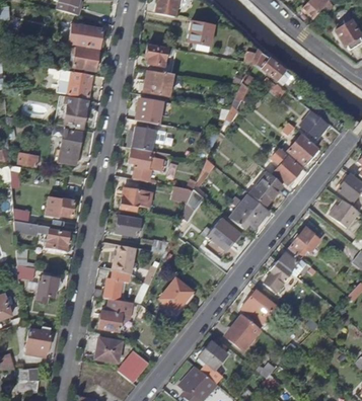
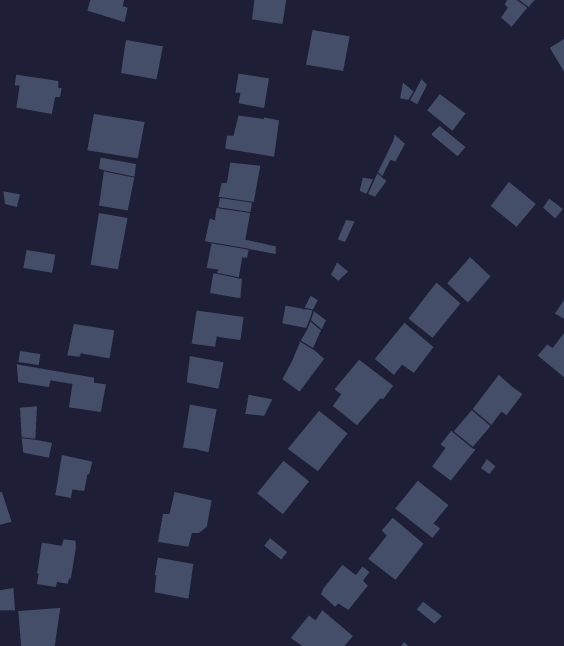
building: [72,47,101,71] -> [14,74,63,114]
building: [287,135,319,164] -> none
building: none -> [287,410,349,472]
building: [104,271,133,300] -> none
building: [118,351,146,381] -> none

